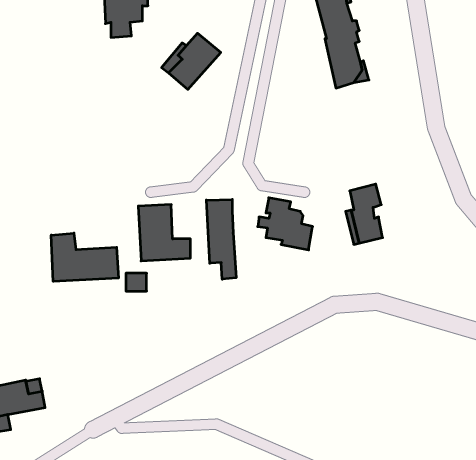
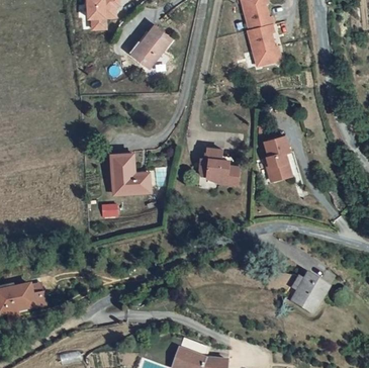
building: [206,199,236,279] -> none
building: [51,233,118,281] -> none
building: none -> [292,261,330,301]

